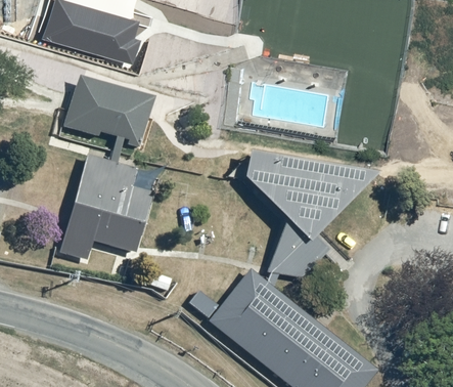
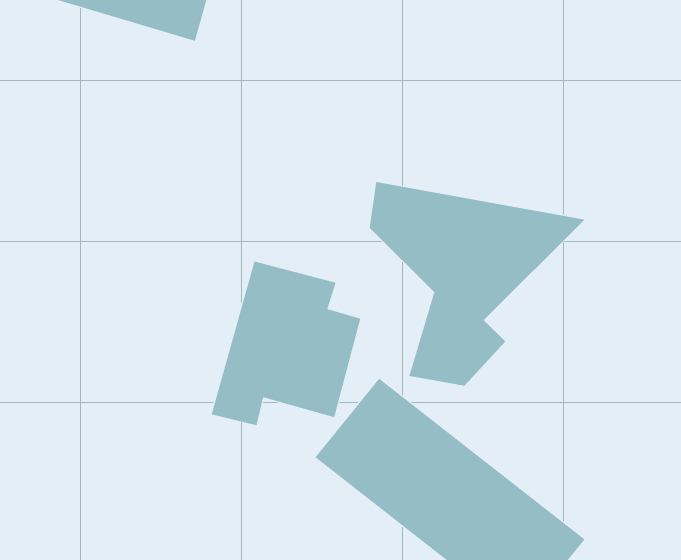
building: [64,74,154,144] -> none
building: [60,155,153,257] -> [211,261,361,426]

